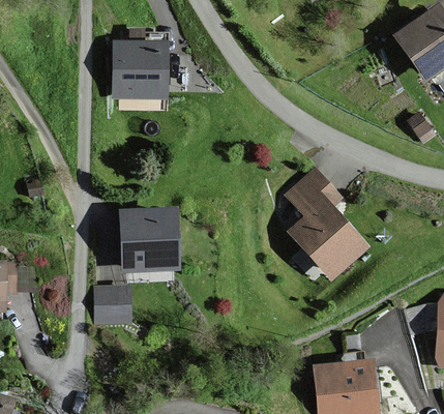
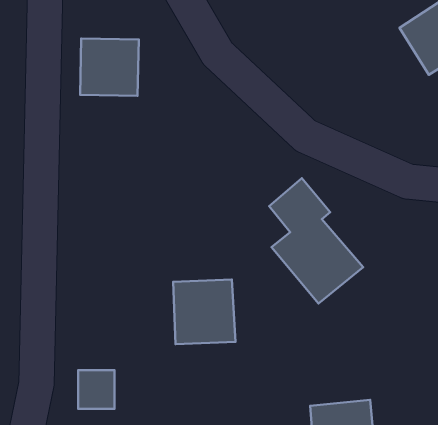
building: [122,212,177,269] -> [173,280,235,344]
building: [95,288,127,322] -> [78,370,115,409]

